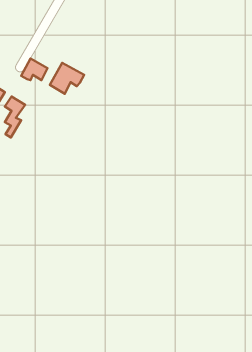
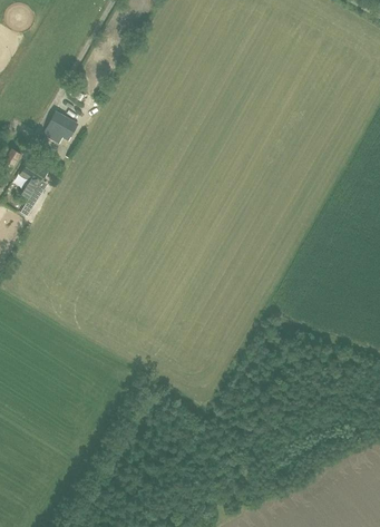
building: [50,63,84,94] -> none

